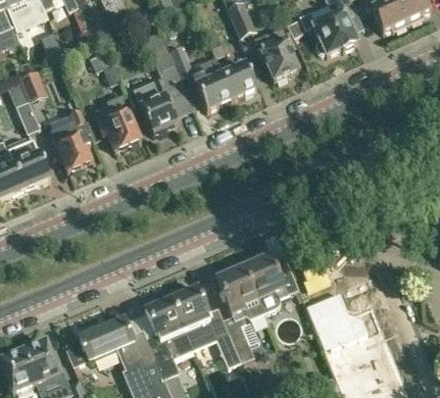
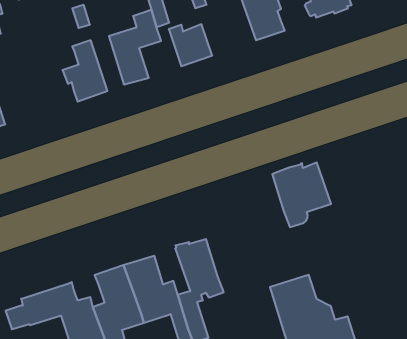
building: [218,60,256,98] -> none
building: [50,109,92,171] -> none
building: [243,252,299,313] -> [272,163,331,227]

